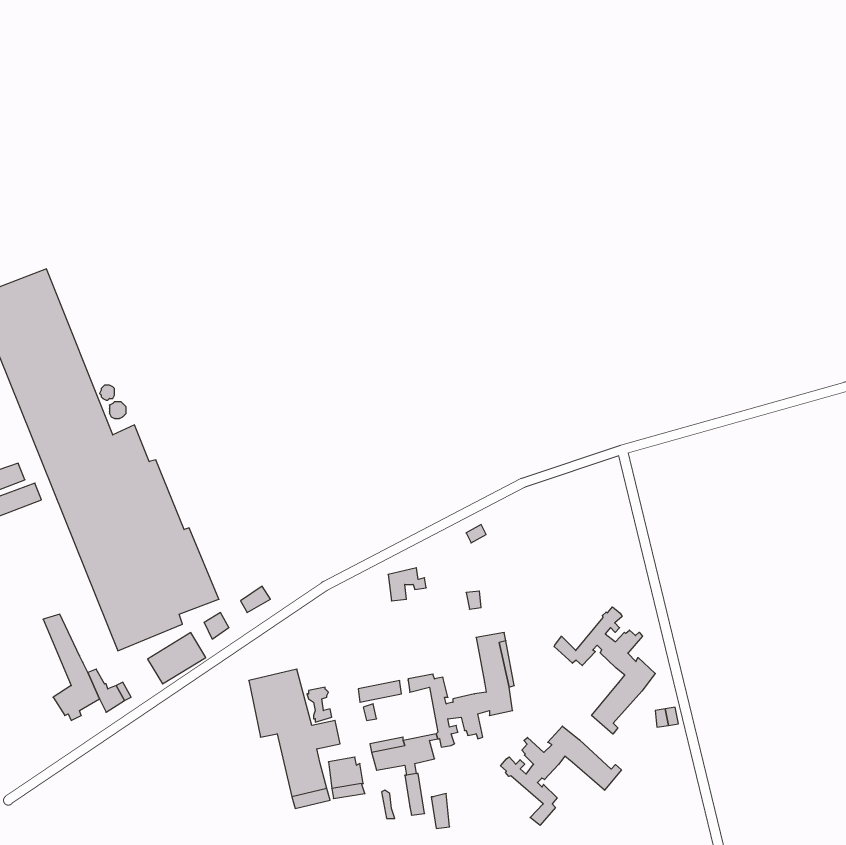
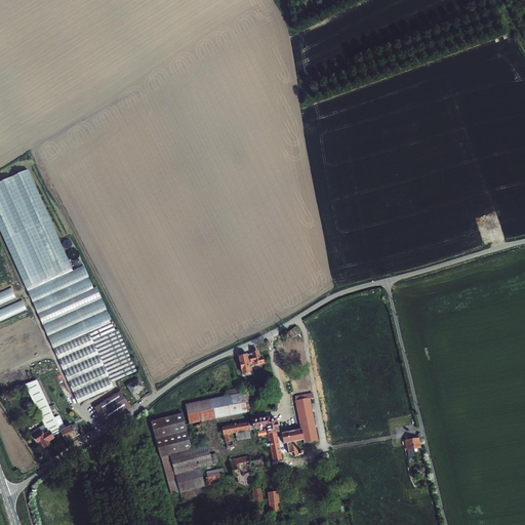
building: [554,607,655,734] -> none
building: none -> [187,388,246,421]
building: [501,726,621,825] -> none

